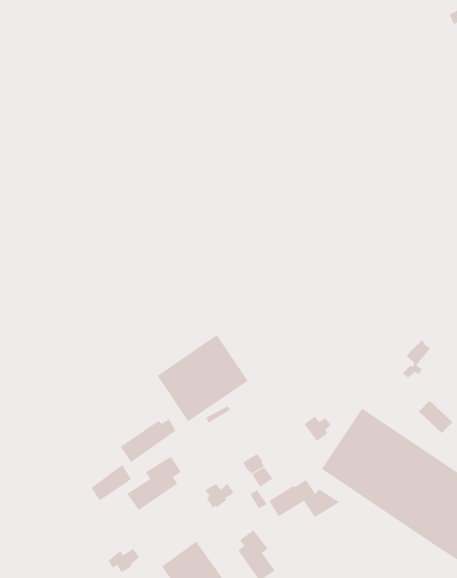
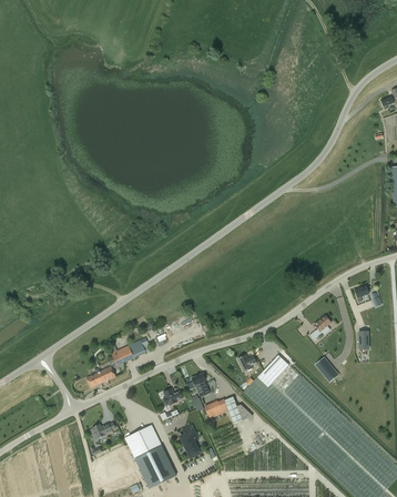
building: [157,334,249,422] -> none
building: [127,456,181,511] -> none

